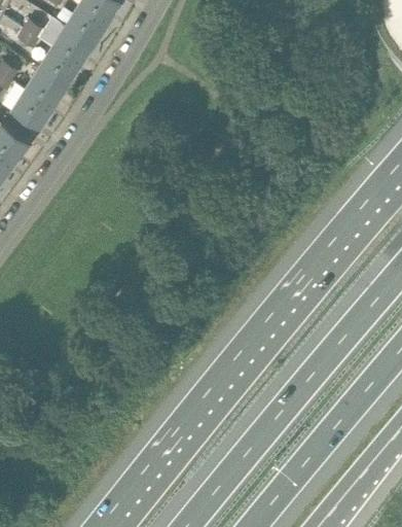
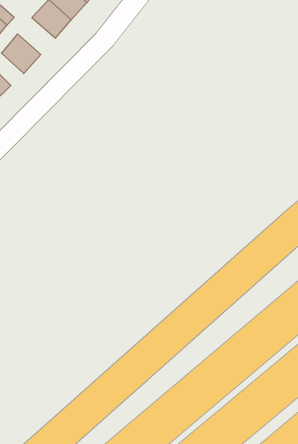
building: [25,71,65,108] -> none

